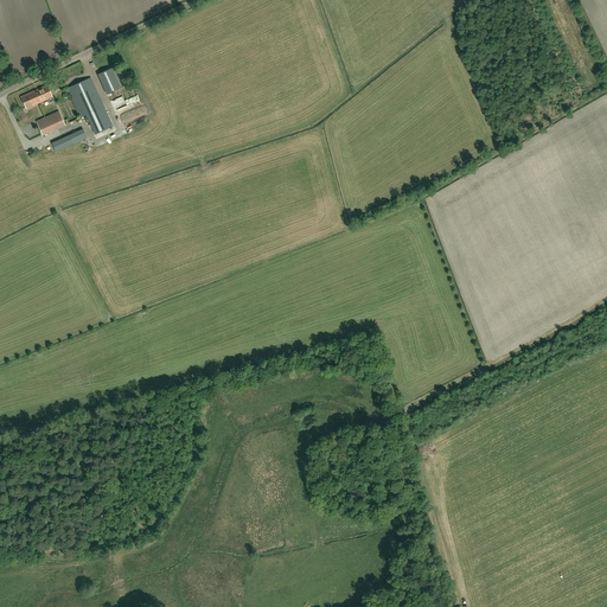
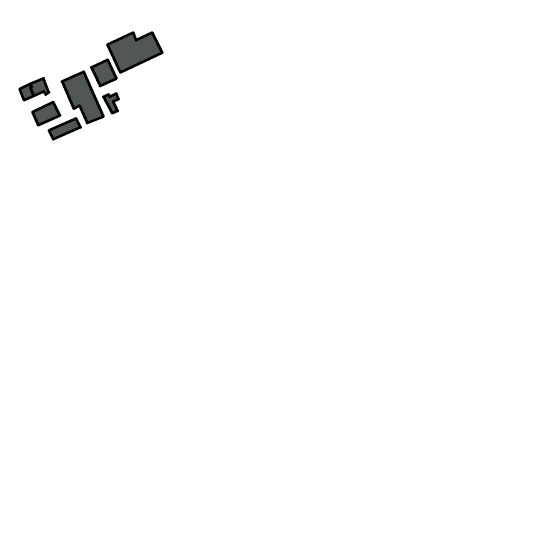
building: none -> [108,33,162,72]

